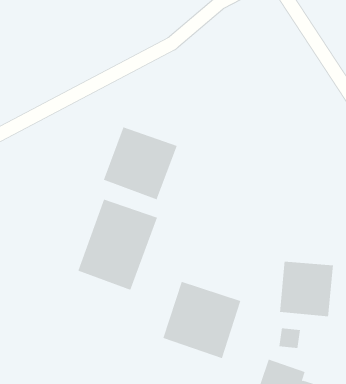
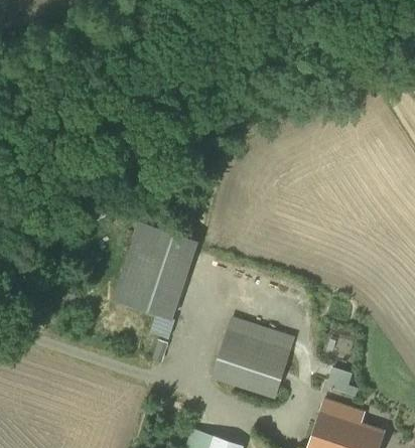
building: [103,126,177,200] -> none
building: [279,261,334,317] -> none

